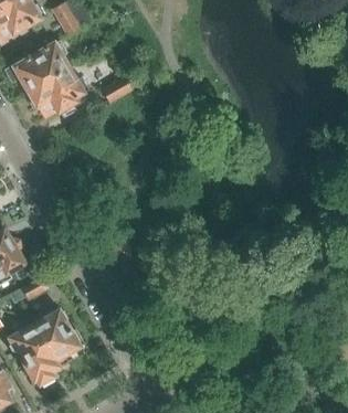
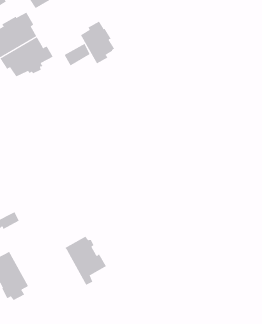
building: none -> [80,21,115,64]
building: [32,307,83,367] -> [65,236,107,286]

